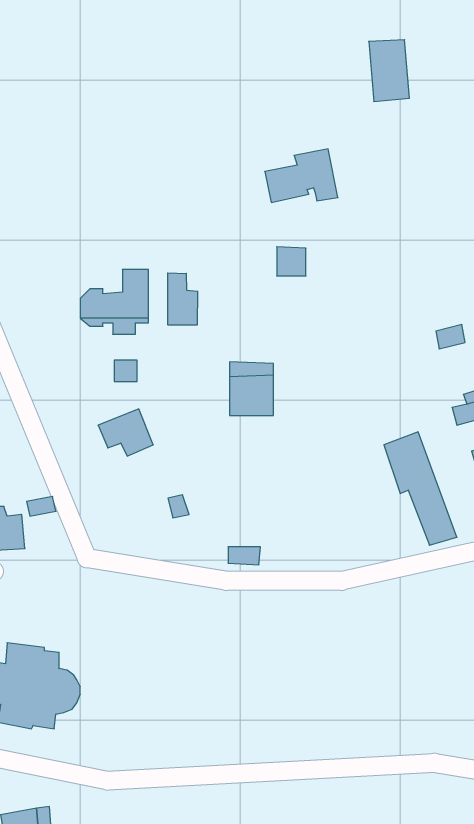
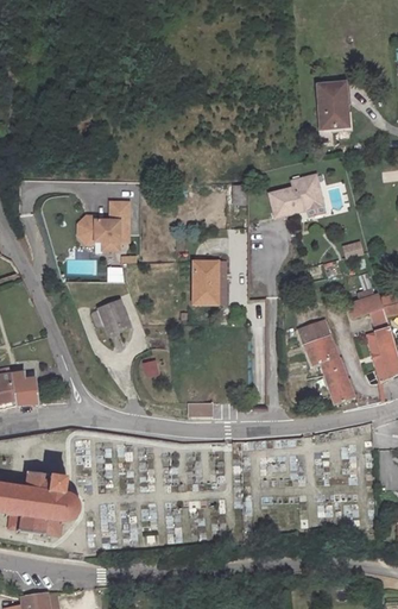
building: [369,40,409,101] -> [321,84,350,130]
building: [265,149,338,202] -> [267,175,321,214]
building: [168,273,198,325] -> none

